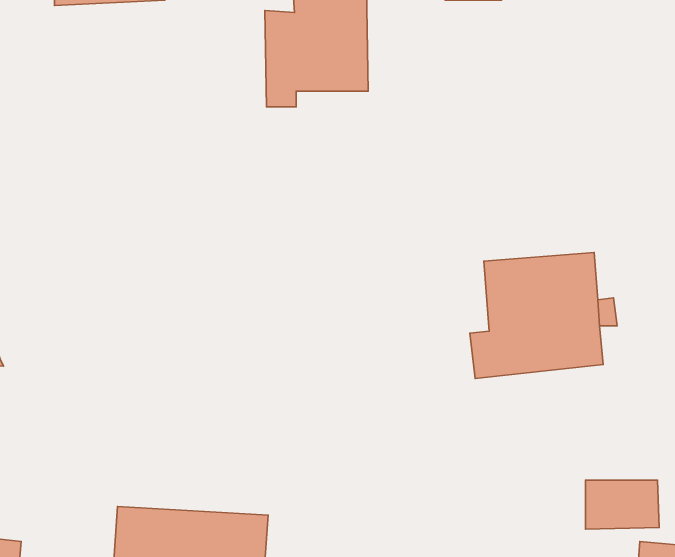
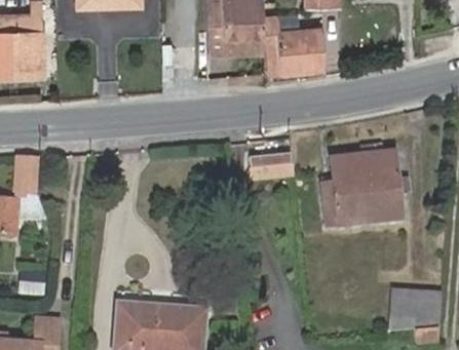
building: none -> [262,29,323,72]
building: none -> [247,155,291,178]

